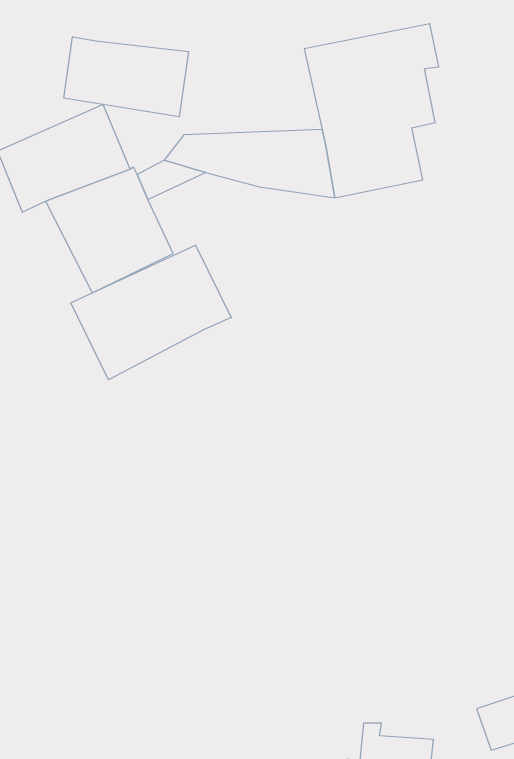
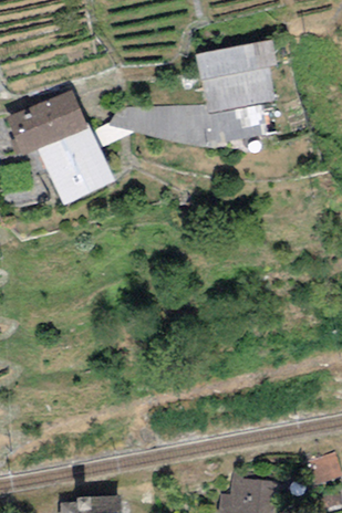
building: [64,37,189,117] -> none
building: [71,245,231,380] -> none

